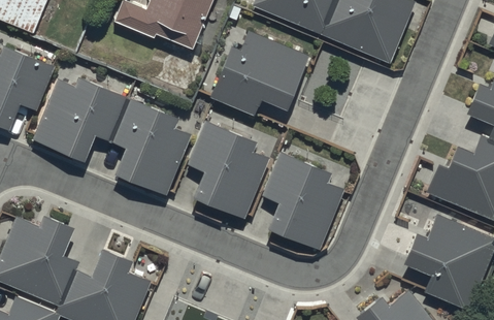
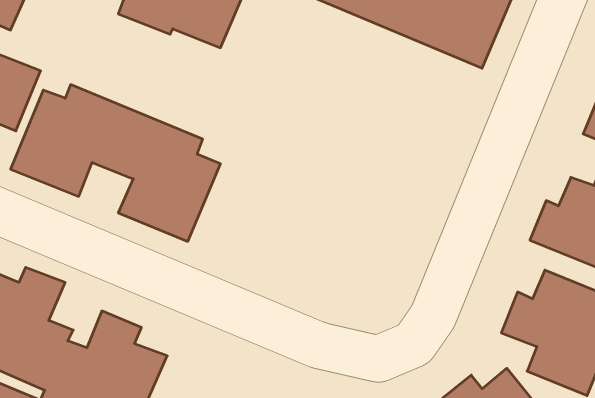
building: [210,31,308,116] -> none
building: [187,121,269,219] -> none
building: [263,153,344,250] -> none

